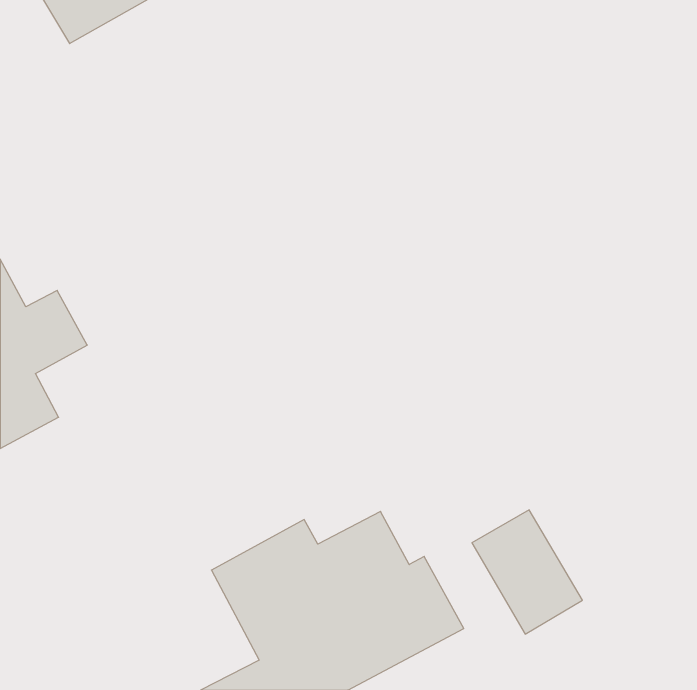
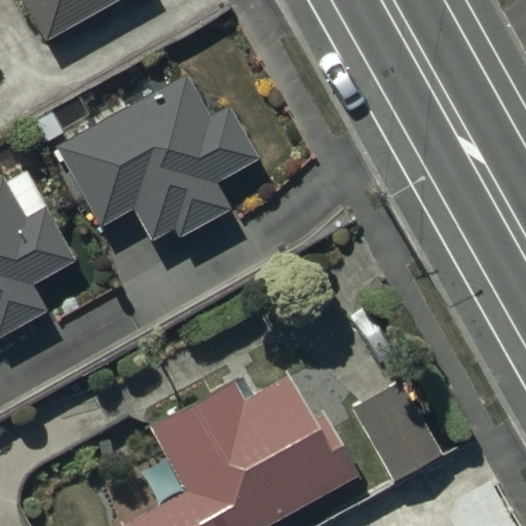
building: none -> [68,87,252,238]

